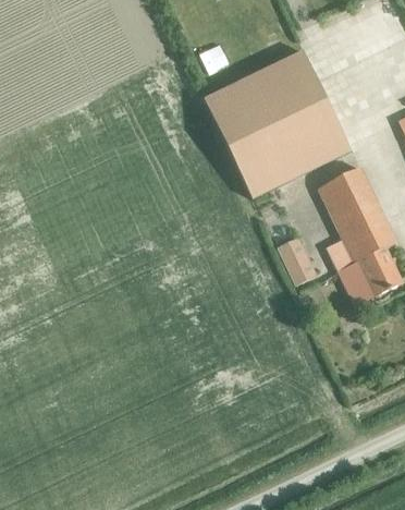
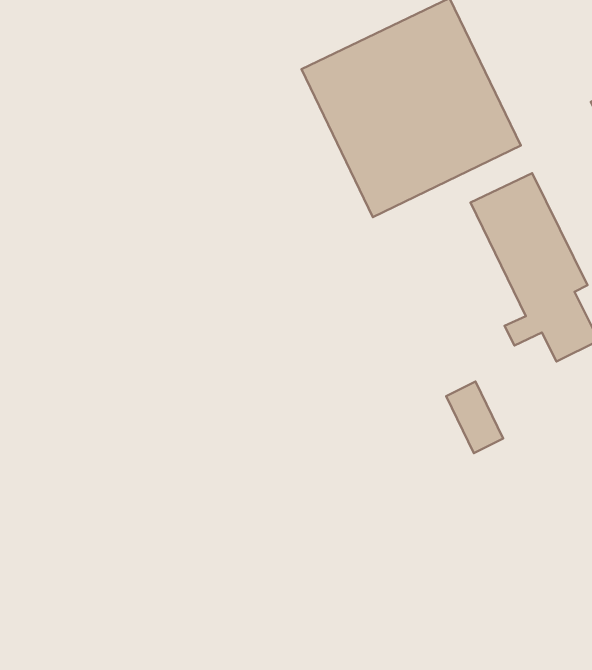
building: [278,236,316,284] -> [446,382,503,453]

